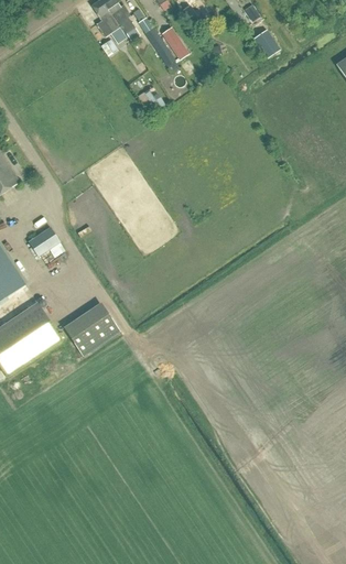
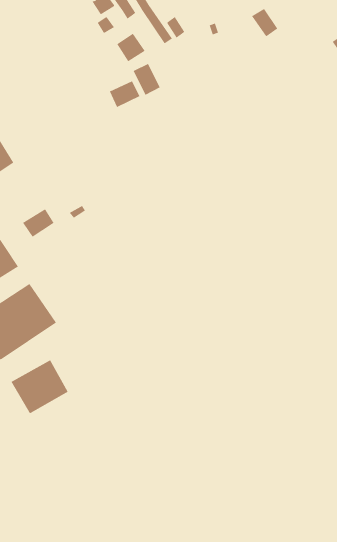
building: none -> [117,33,145,62]
building: none -> [109,80,140,108]
building: [57,301,115,355] -> [10,359,69,414]

